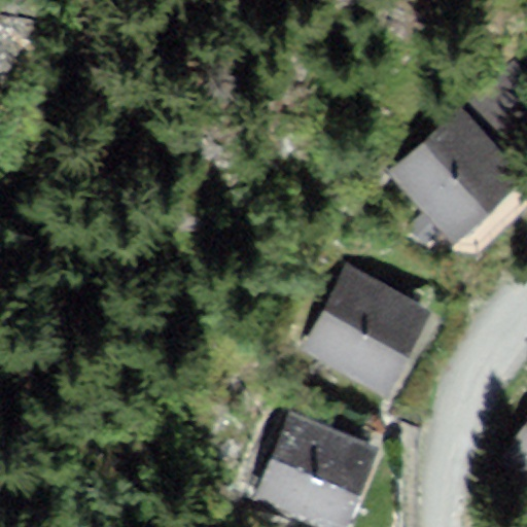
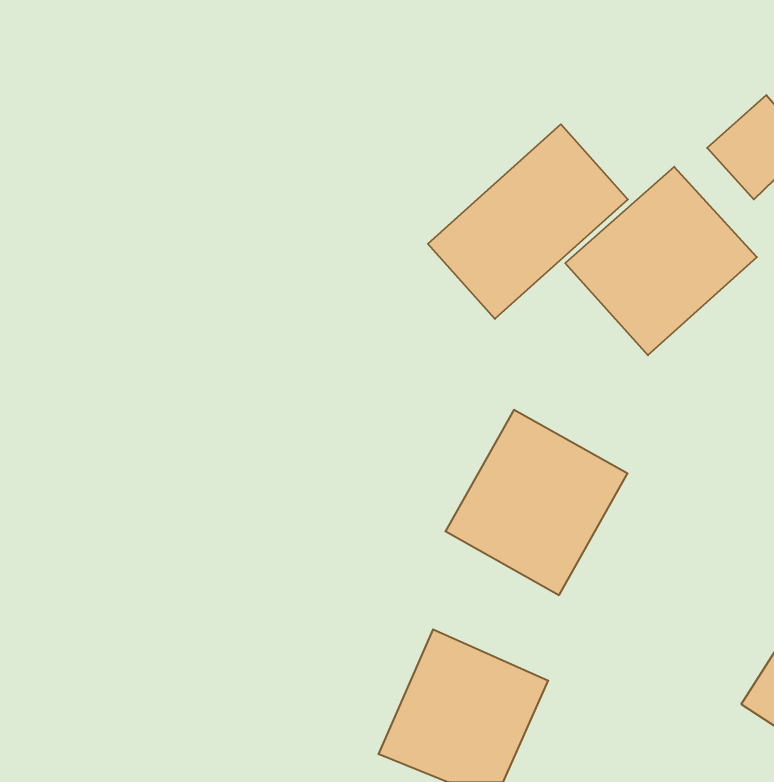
building: none -> [428,124,628,319]

